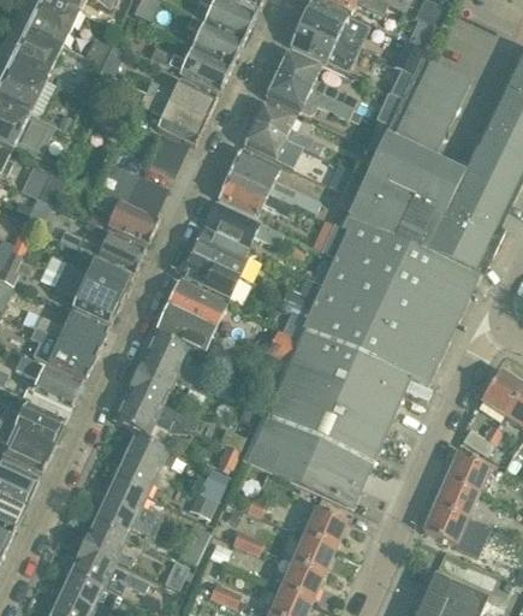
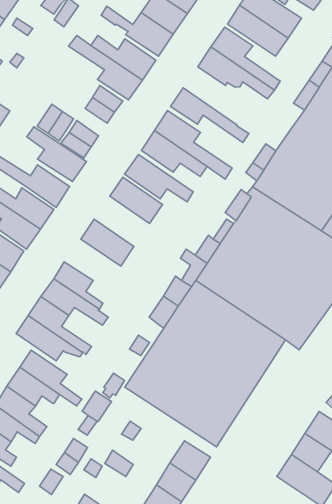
building: [252,101,322,153] -> none
building: [180,253,239,298] -> none
building: [156,304,215,349] -> none

